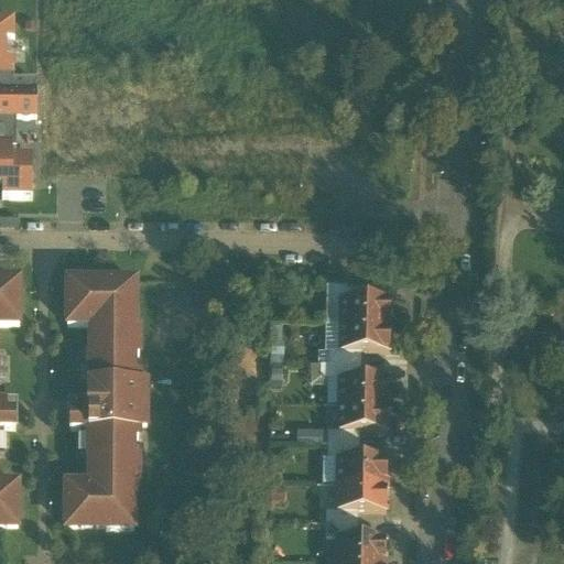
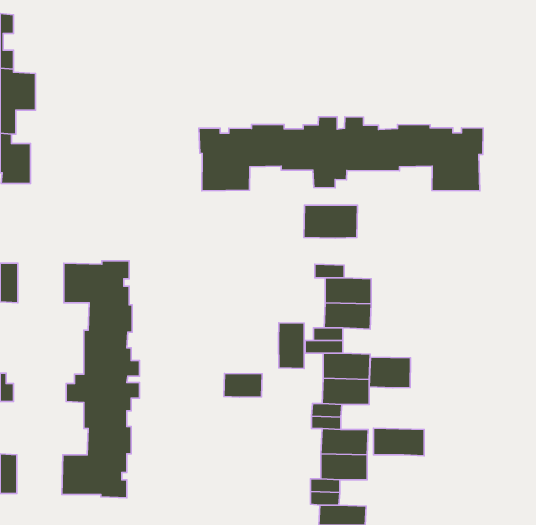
building: none -> [199,117,483,191]
building: none -> [304,205,358,238]
building: none -> [279,323,304,368]
building: none -> [369,357,410,388]
building: none -> [224,373,262,397]
building: none -> [373,428,424,456]

